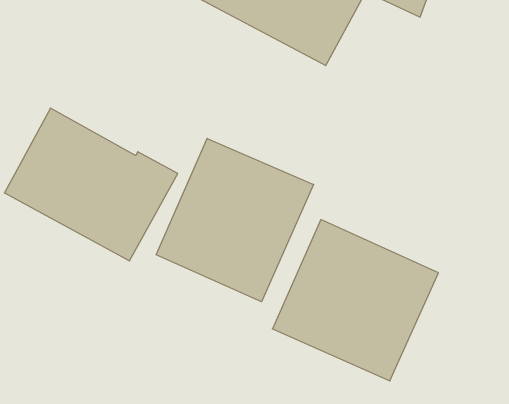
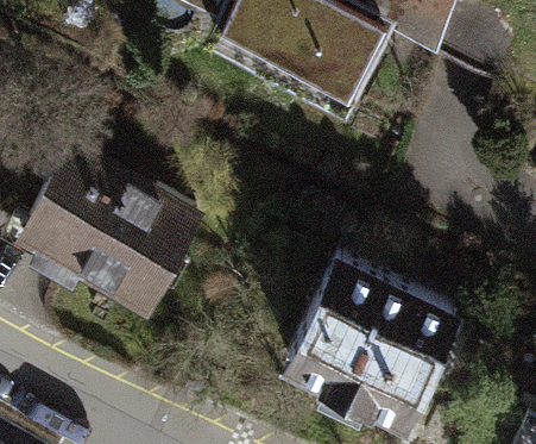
building: [156,138,314,302] -> none

